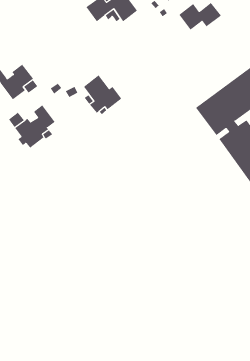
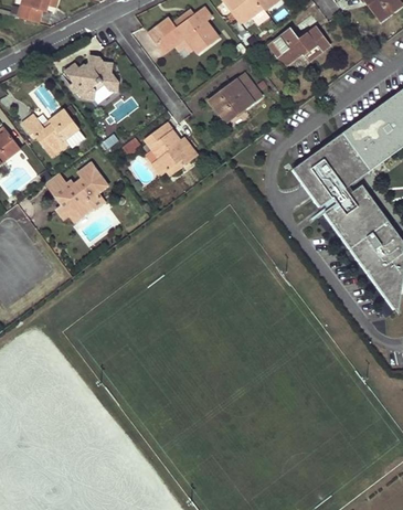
building: none -> [65,55,118,96]
building: none -> [210,74,261,121]

